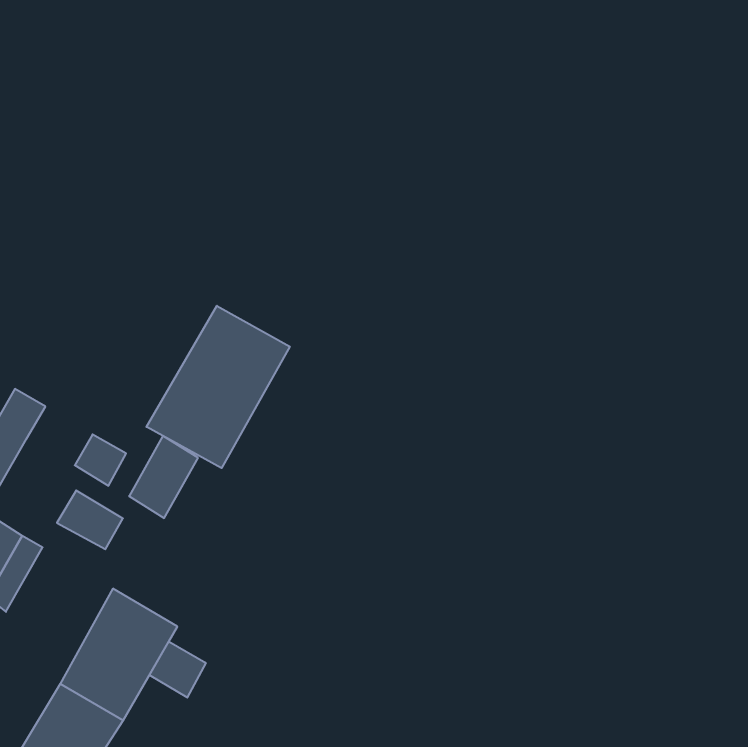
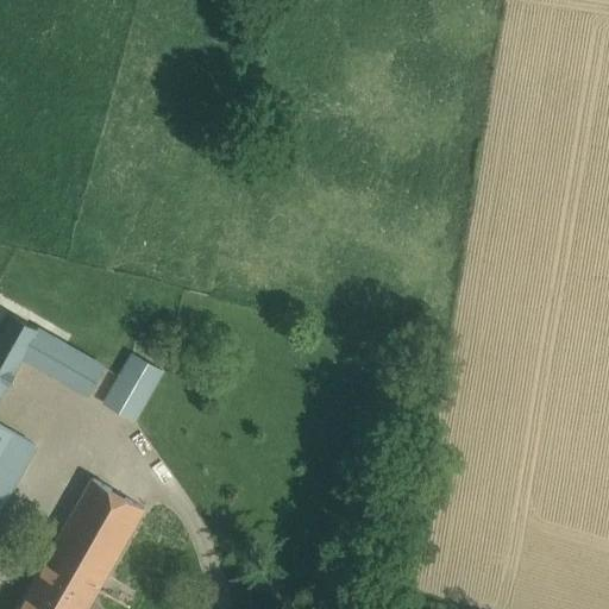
building: [146,306,290,468] -> none
building: [57,490,123,549] -> [21,332,75,379]
building: [149,642,206,698] -> none

